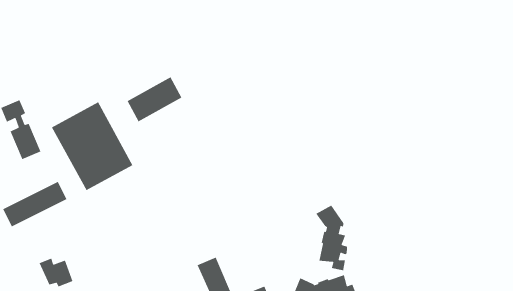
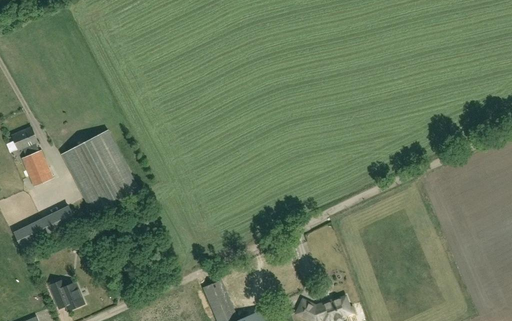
building: [126,76,183,122] -> none
building: [315,204,348,271] -> none

